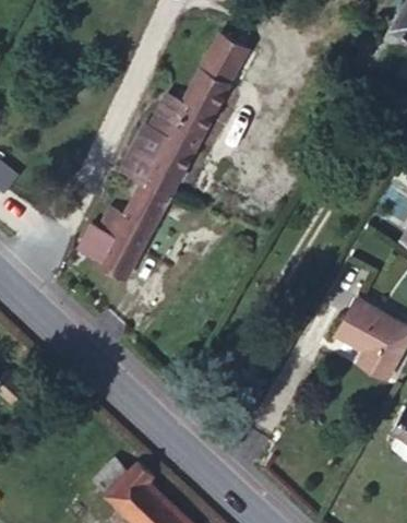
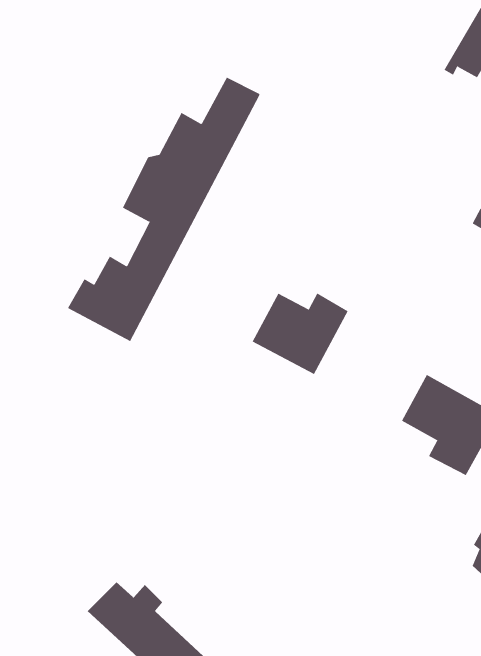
building: [202,35,247,83] -> none
building: none -> [252,293,348,375]

